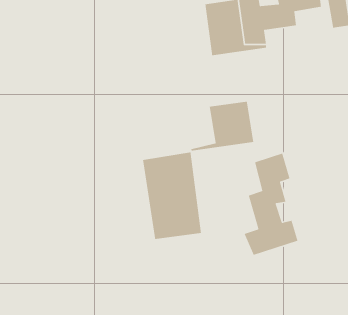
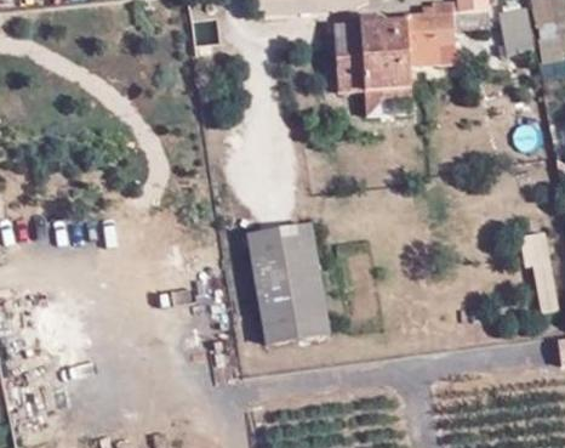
building: [190,101,254,152] -> none
building: [244,152,299,256] -> none

